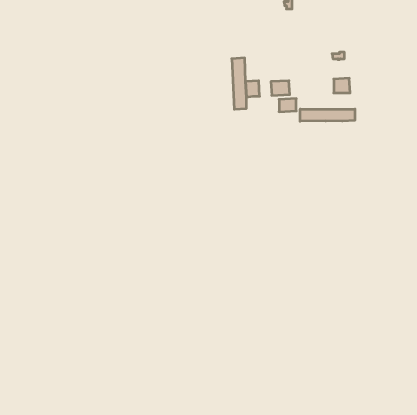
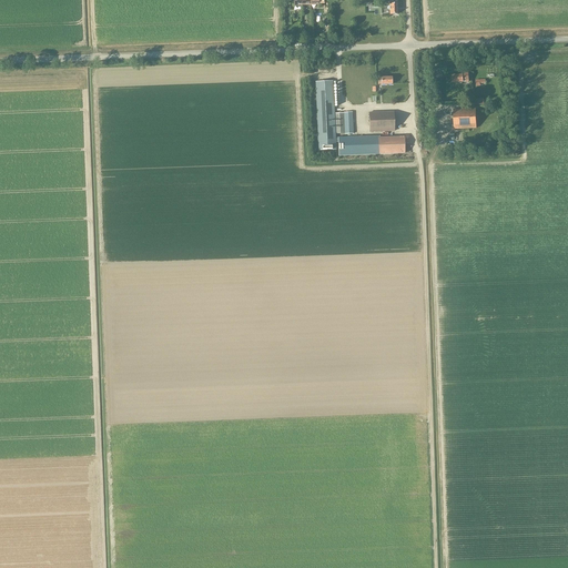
building: none -> [338,134,379,154]
building: [300,109,355,121] -> none

